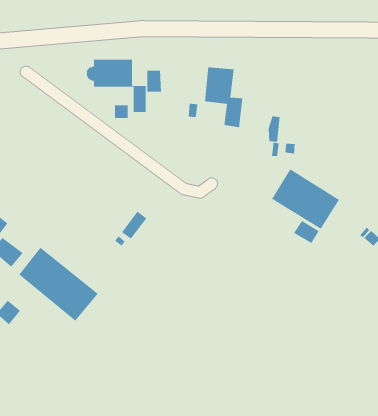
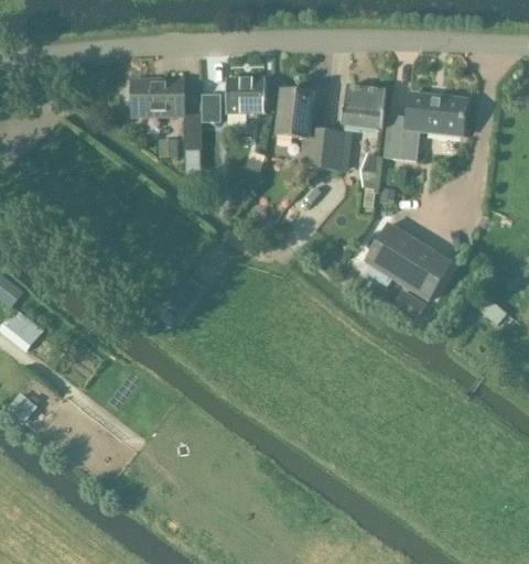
building: none -> [226,77,264,112]
building: none -> [339,85,385,129]
building: none -> [382,93,465,160]
building: none -> [322,129,348,170]
building: [18,247,98,322] -> none

